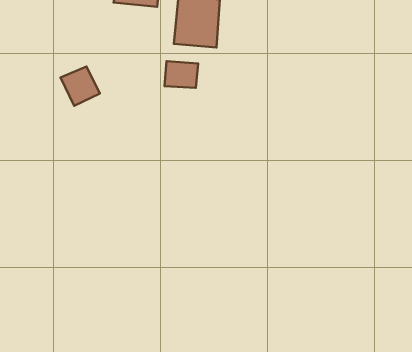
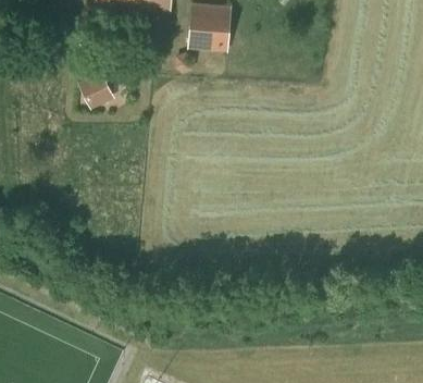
building: [164,61,198,88] -> none

